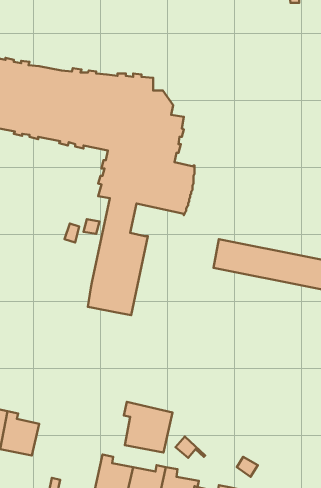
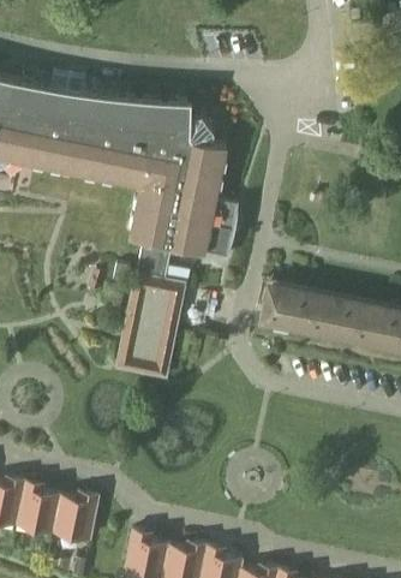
building: [124,402,172,453] -> none
building: none -> [54,496,101,542]

